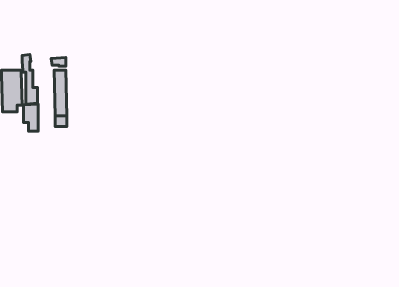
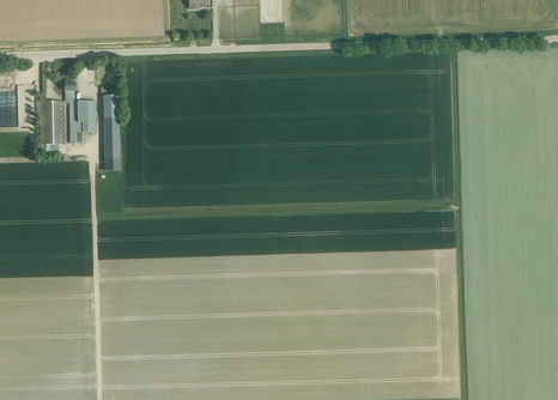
building: [24,104,38,131] -> [78,99,96,133]

